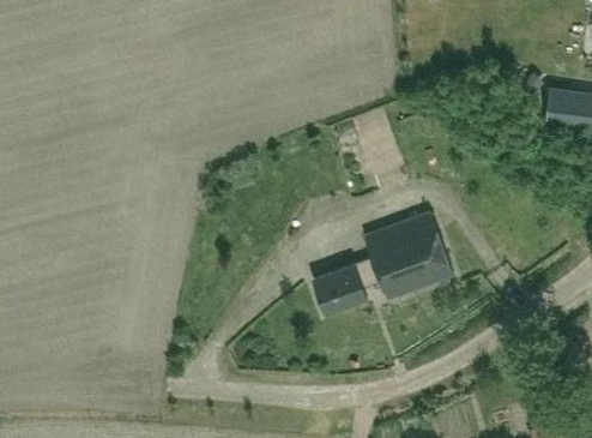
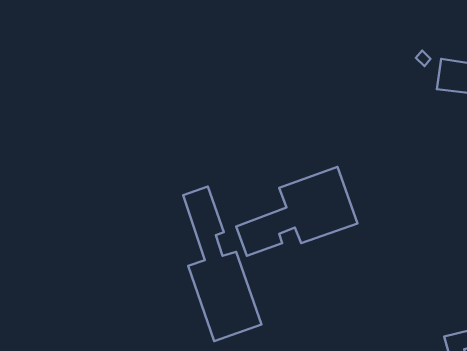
building: none -> [183,187,262,341]

